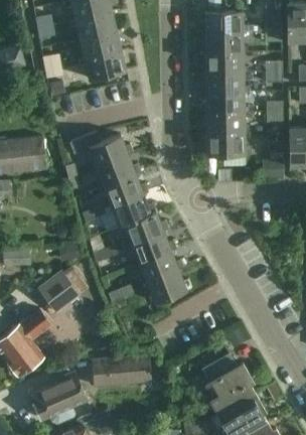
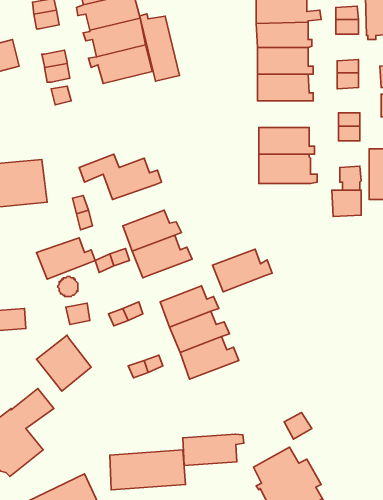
building: none -> [140,14,180,81]
building: [205,93,249,113] -> none
building: [96,156,140,187] -> [36,238,95,279]
building: [124,212,169,245] -> [212,249,272,292]
building: none -> [183,434,244,465]

